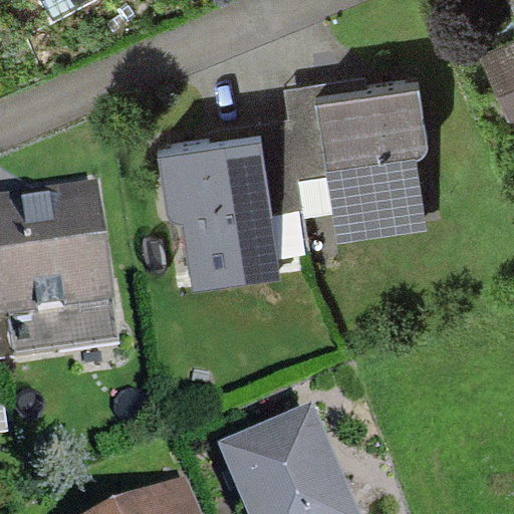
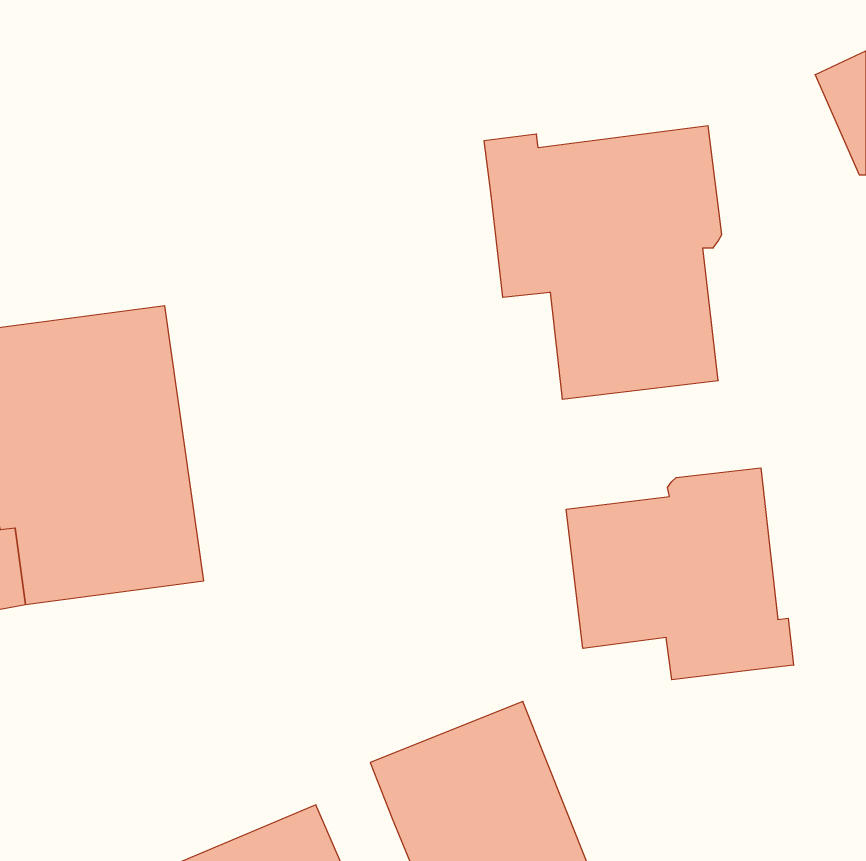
building: [158,119,300,289] -> none
building: none -> [566,468,794,680]

